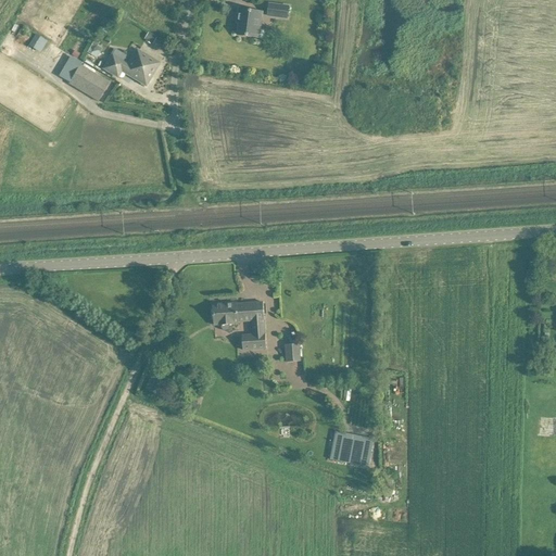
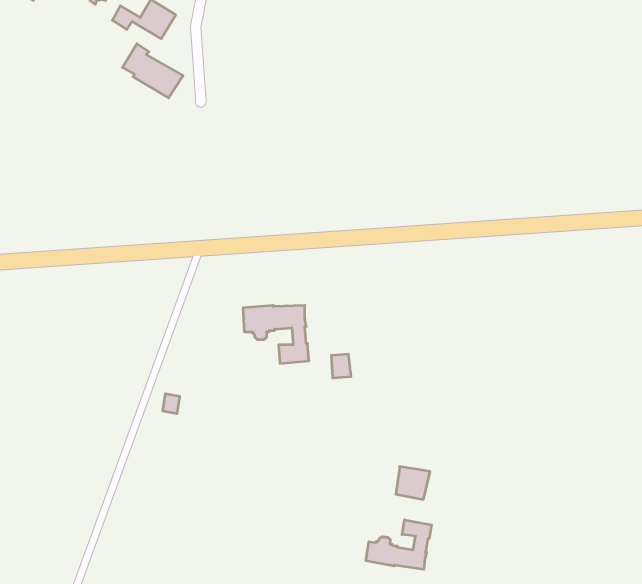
building: [59,55,109,100] -> [122,44,183,98]
building: none -> [366,520,432,569]

